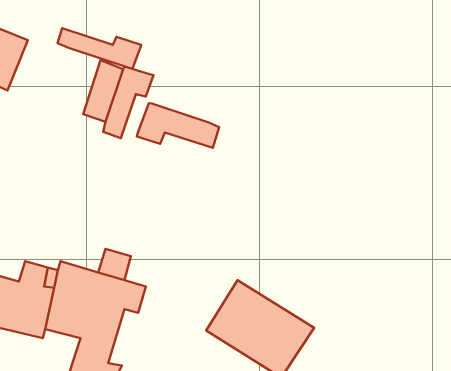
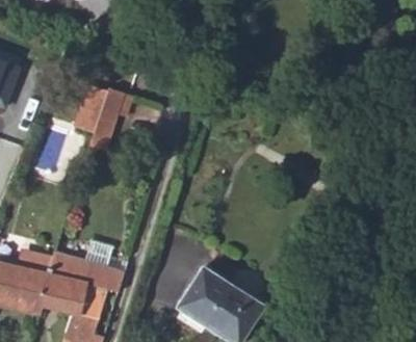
building: [58,28,141,69] -> none
building: [137,103,219,148] -> none

